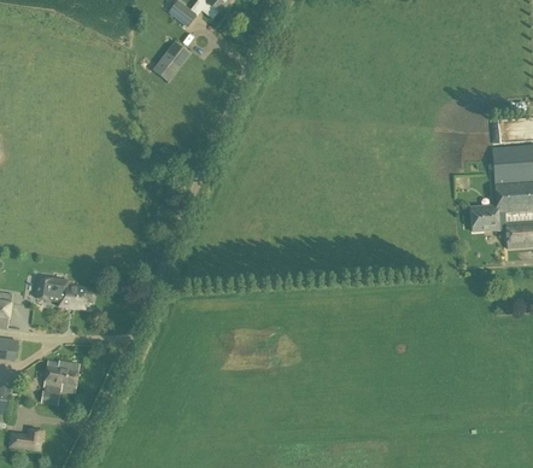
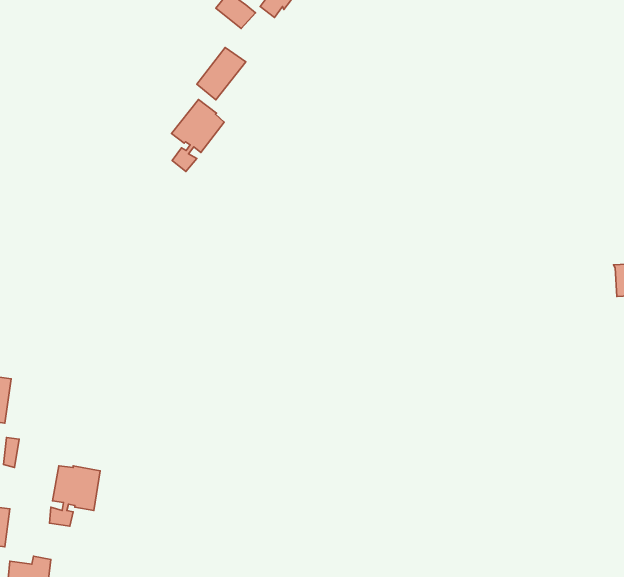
building: none -> [172,99,224,171]
building: [35,273,94,305] -> none

